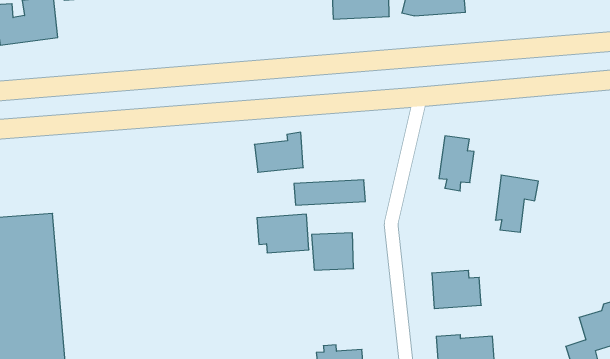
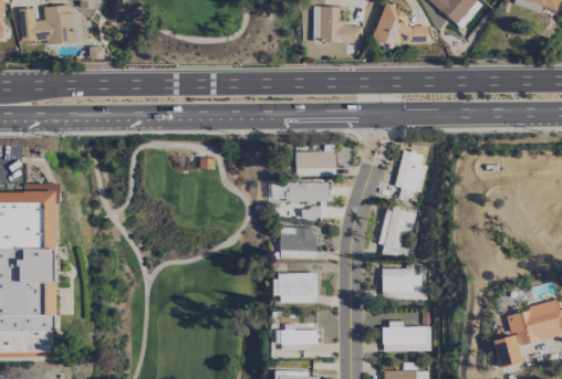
building: [254,132,303,172] -> [294,145,335,177]
building: [495,175,538,232] -> [377,207,417,257]
building: [257,214,309,253] -> [273,273,316,304]

